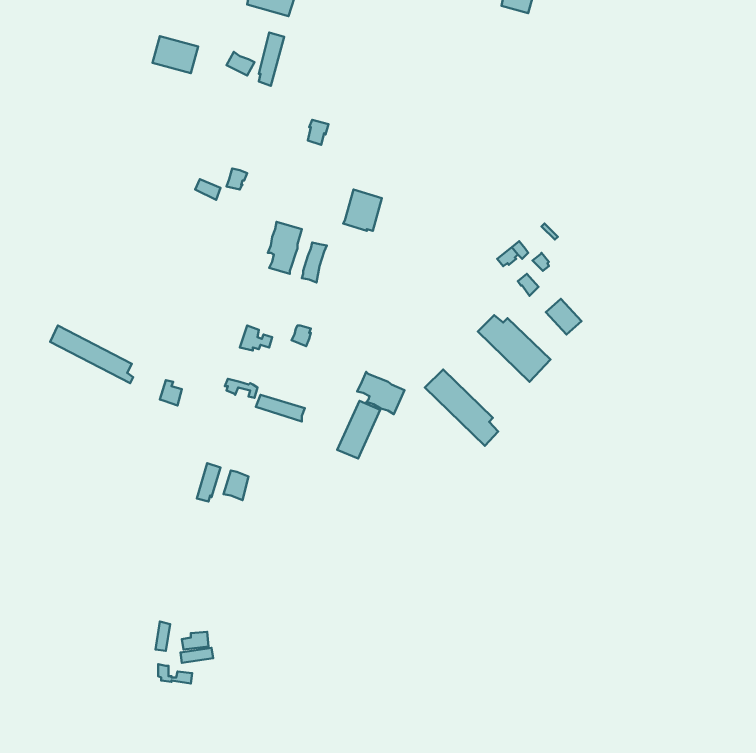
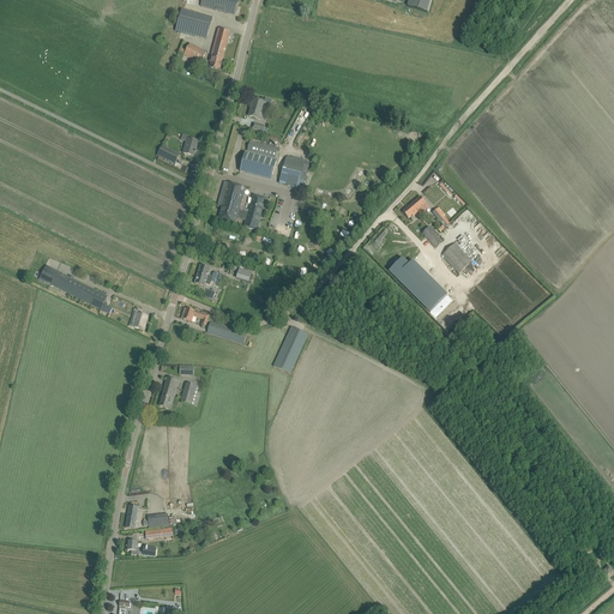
building: [152,36,198,73] -> [175,7,212,37]
building: none -> [240,140,277,177]
building: [425,369,498,446] -> none
building: [357,372,404,414] -> none

